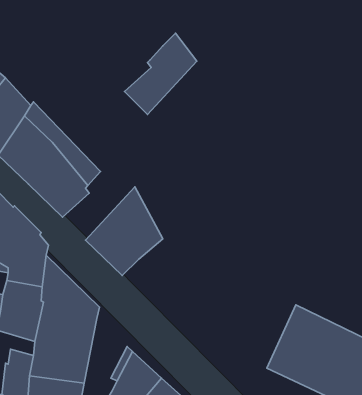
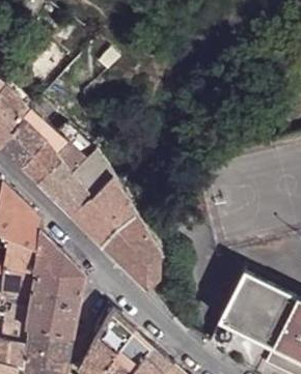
building: [125,33,197,114] -> [54,153,113,220]
building: none -> [103,219,161,292]

